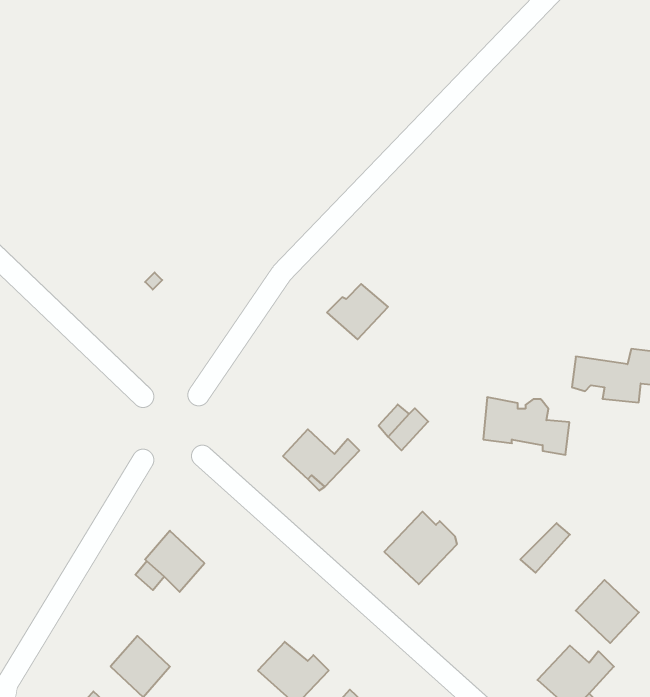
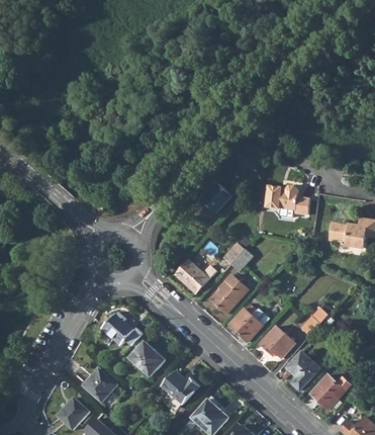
building: [483,397,569,455] -> [263,184,308,214]
building: none -> [210,274,248,313]
building: none -> [259,326,293,357]
building: [576,580,639,643] -> [285,350,318,383]
building: none -> [130,341,166,376]

